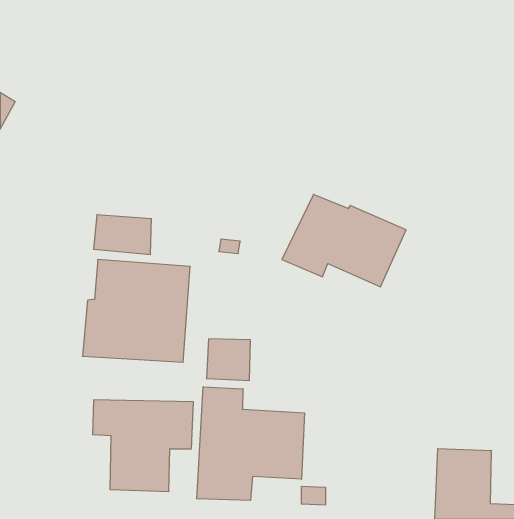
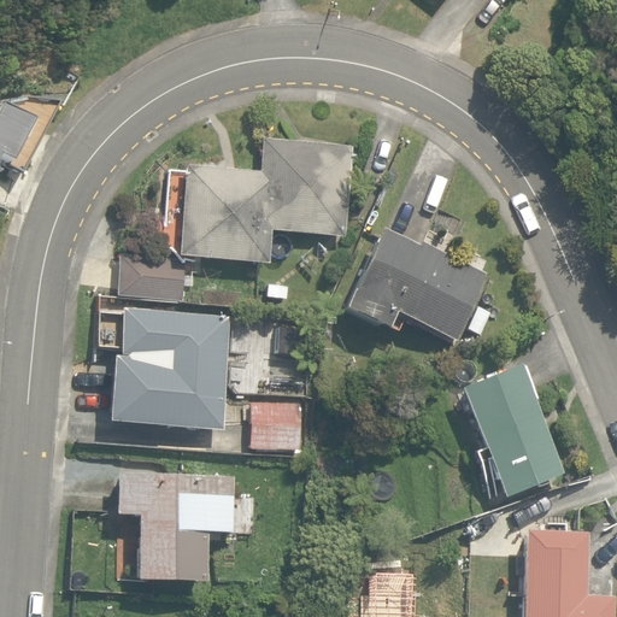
building: none -> [181,139,355,263]
building: none -> [460,364,566,498]
building: [197,387,304,500] -> none

